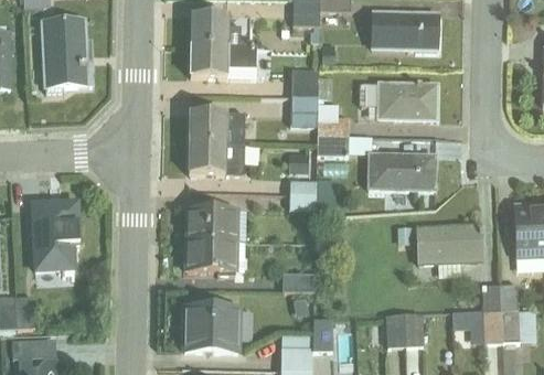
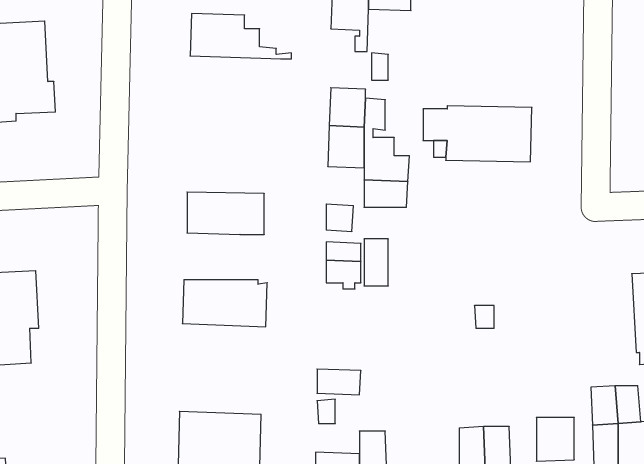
building: [370,9,439,51] -> none
building: [189,44,256,77] -> none
building: [188,110,245,144] -> none
building: [367,152,437,191] -> none
building: [415,222,482,278] -> none
building: [183,239,245,275] -> none

